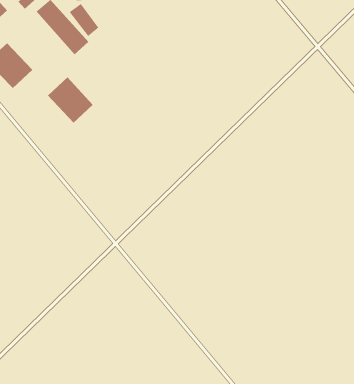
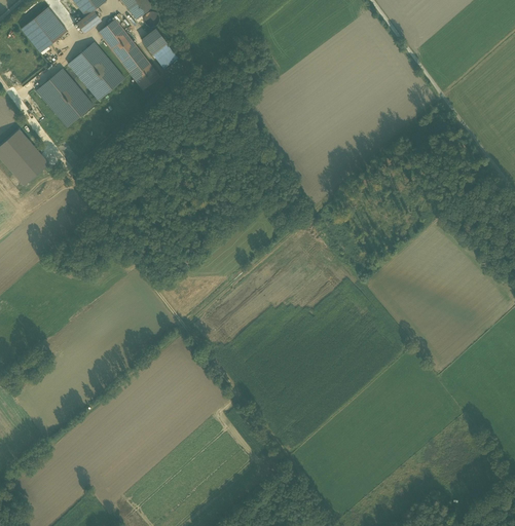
building: [47,77,94,124] -> [66,42,121,100]

